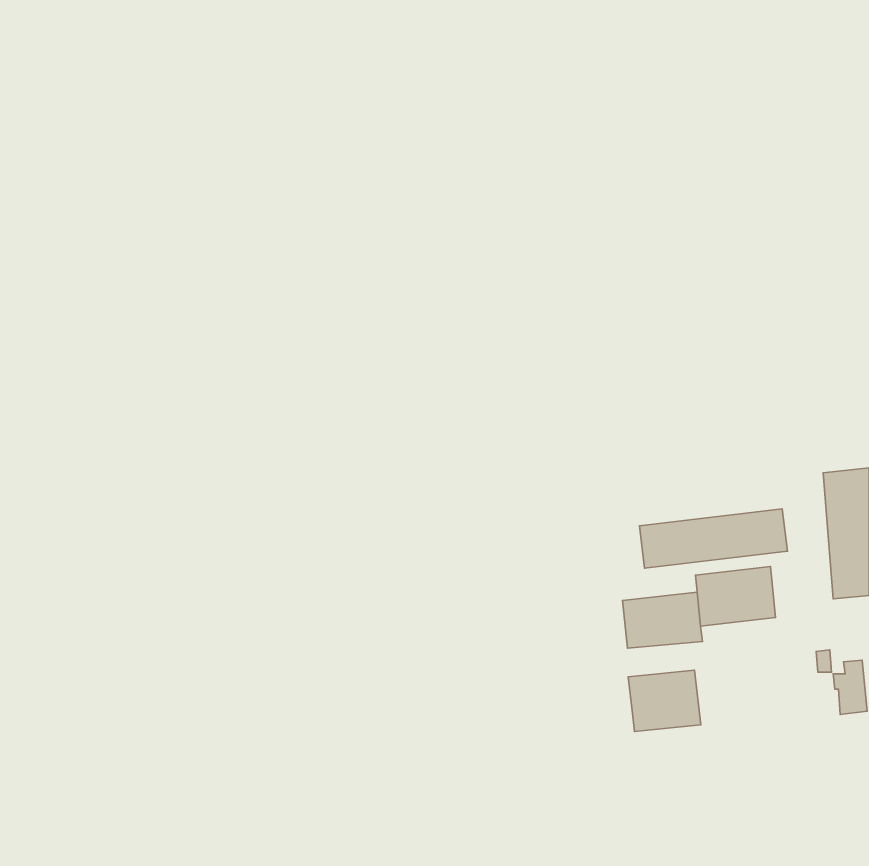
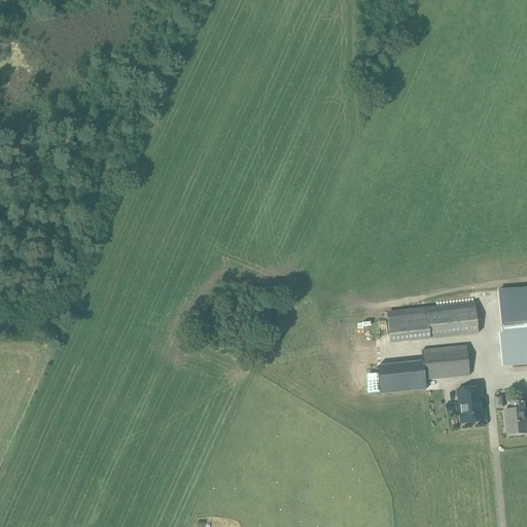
building: none -> [457,385,484,421]
building: [628,670,701,732] -> none

